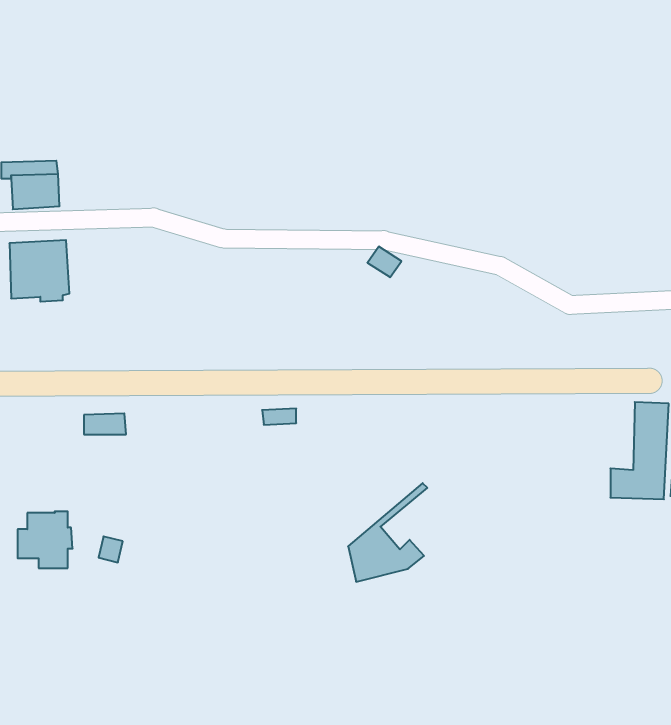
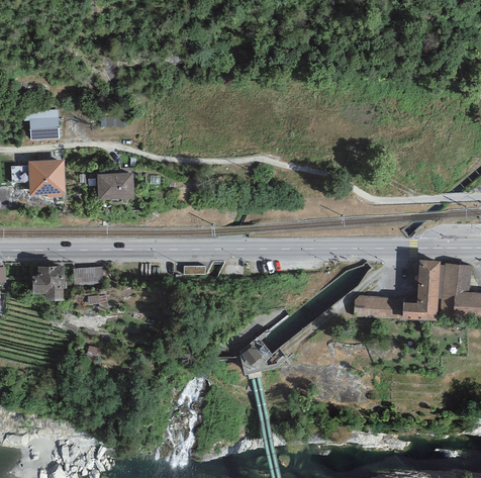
building: none -> [96,172,133,200]
building: none -> [354,294,404,319]
building: [18,511,73,568] -> [32,265,67,300]

